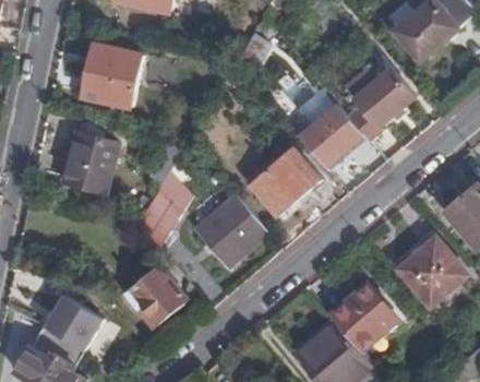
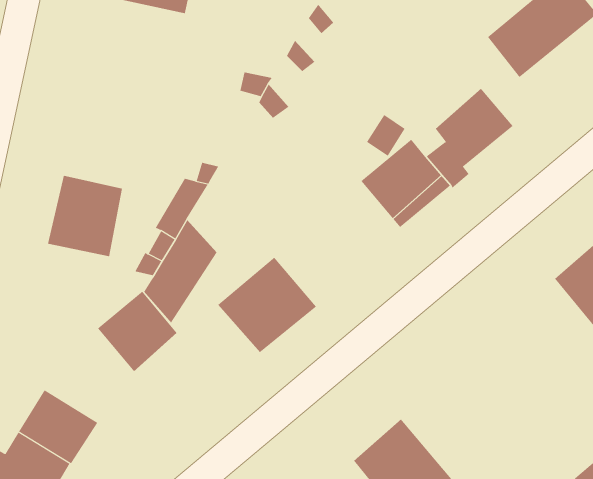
building: [83,45,141,108] -> none
building: [254,150,324,217] -> none
building: [398,237,467,307] -> none
building: [128,270,188,331] -> [97,291,177,372]
building: [329,284,397,350] -> none

